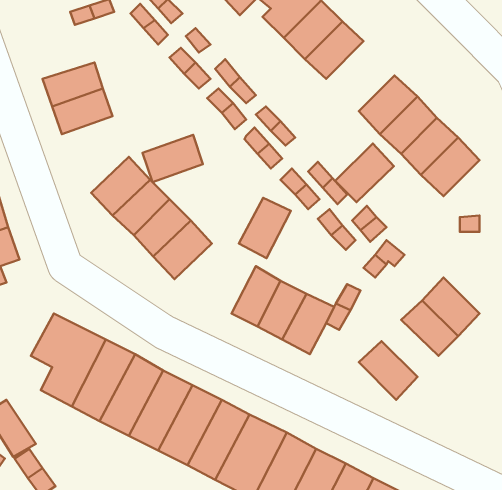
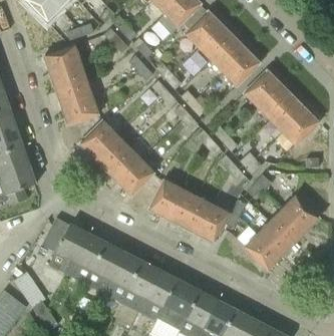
building: none -> [43,44,81,72]
building: [143,135,203,182] -> [61,95,98,124]
building: [335,143,394,202] -> [224,49,260,85]
building: [239,198,291,258] -> [148,180,181,217]
building: none -> [258,221,293,256]

